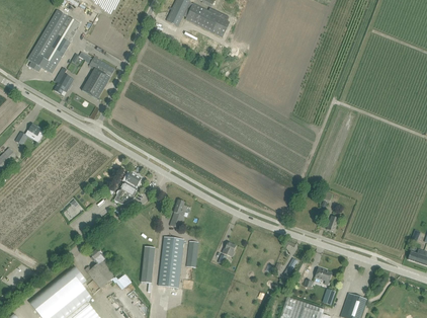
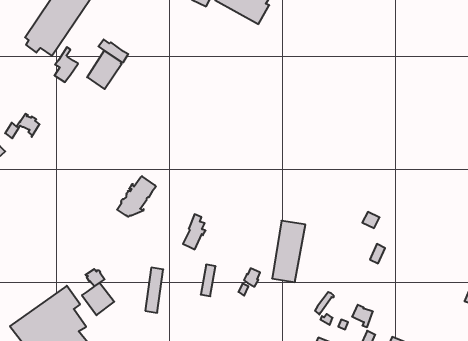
building: [158,237,183,288] -> [272,221,305,282]

